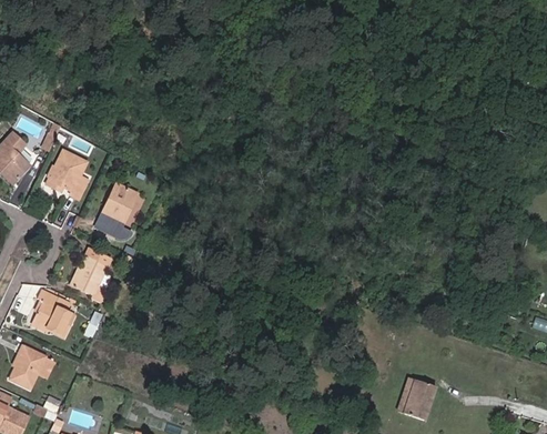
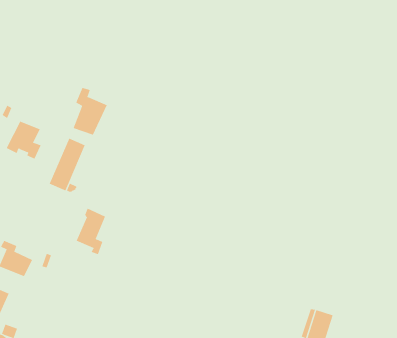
building: none -> [73,87,108,136]
building: [74,249,110,304] -> [76,208,106,255]

